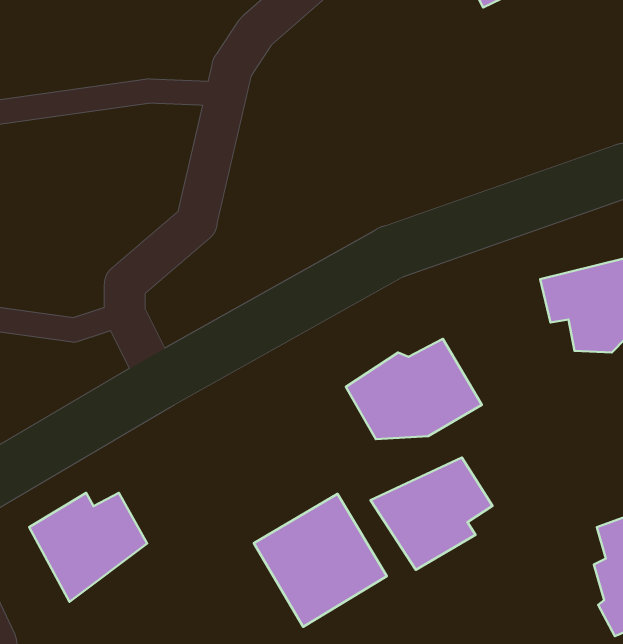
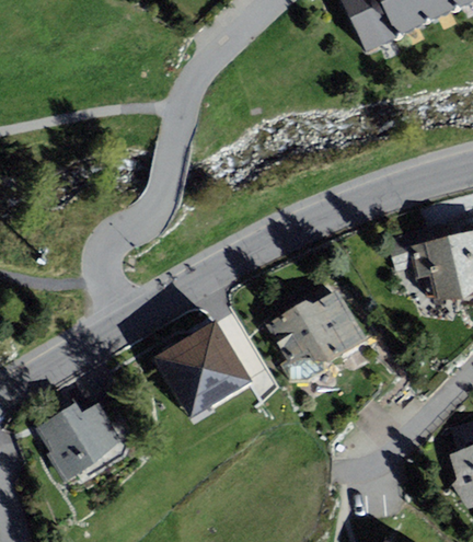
building: [370,458,492,570] -> none
building: [254,494,387,627] -> [154,322,252,419]

